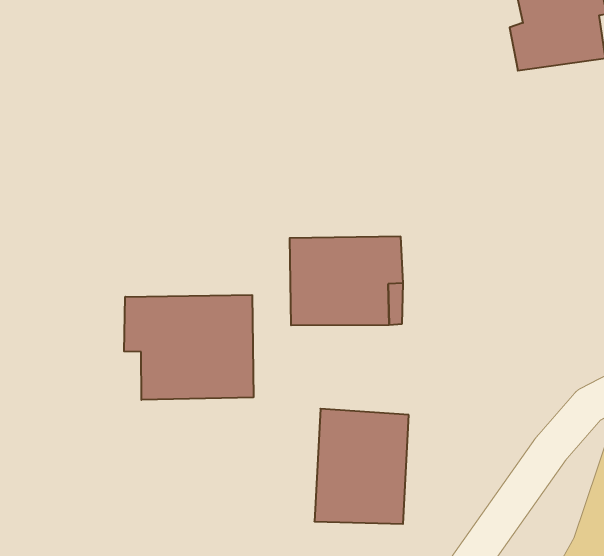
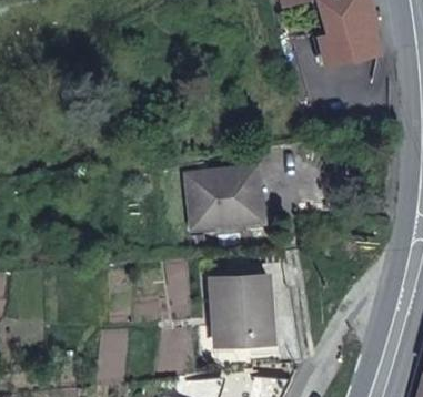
building: [124,295,253,400] -> none

